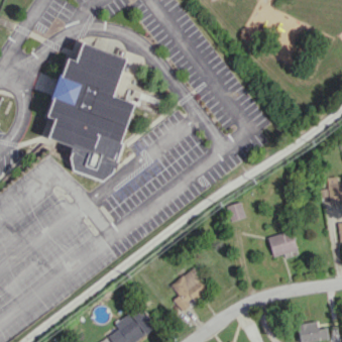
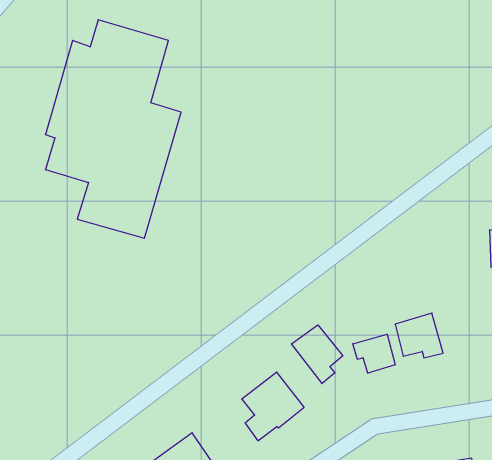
building: none -> [291,325,343,384]
building: none -> [353,334,395,373]

